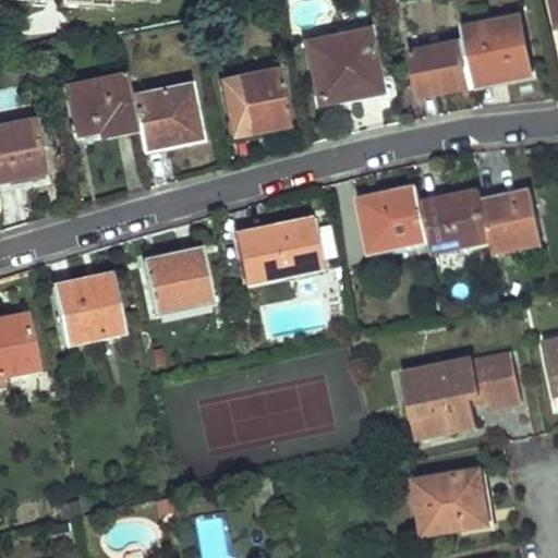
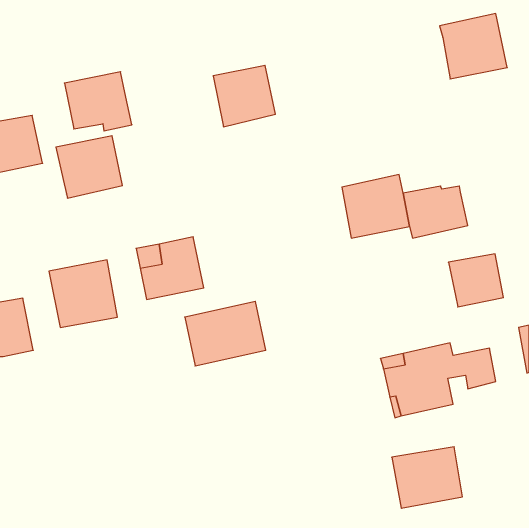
building: [307,27,377,102] -> none
building: [411,39,472,94] -> none
building: [131,85,201,150] -> [56,136,122,198]
building: [483,193,541,248] -> [448,254,503,307]
building: [235,215,320,282] -> [185,301,266,366]

